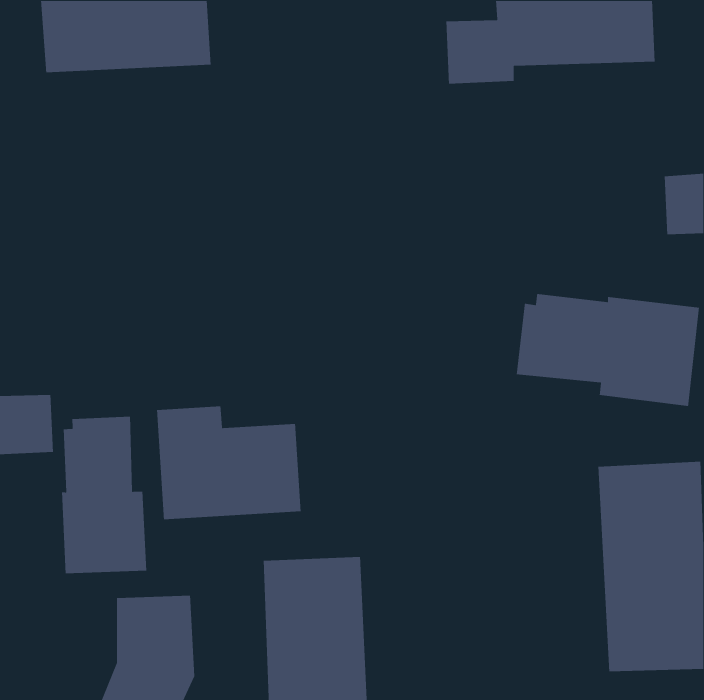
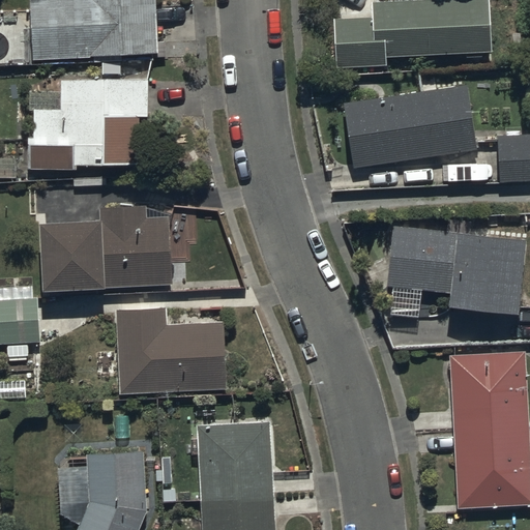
building: none -> [30,79,150,168]
building: none -> [346,87,475,167]
building: none -> [42,205,173,288]
building: [61,416,147,574] -> none

